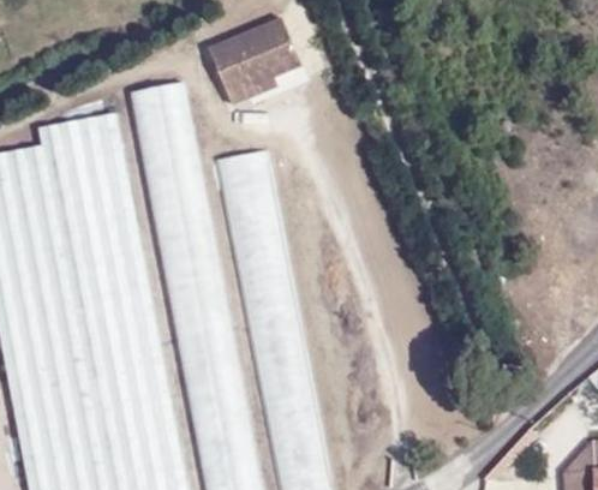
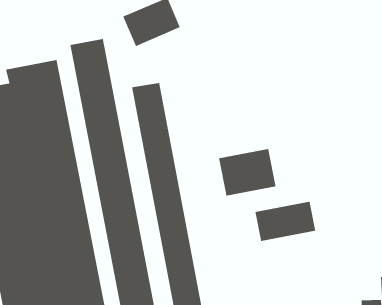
building: none -> [218,148,277,196]
building: none -> [254,201,316,242]

